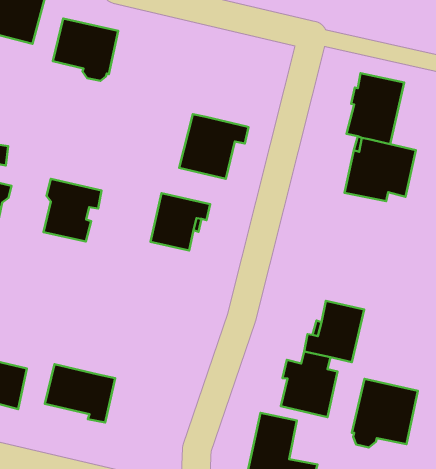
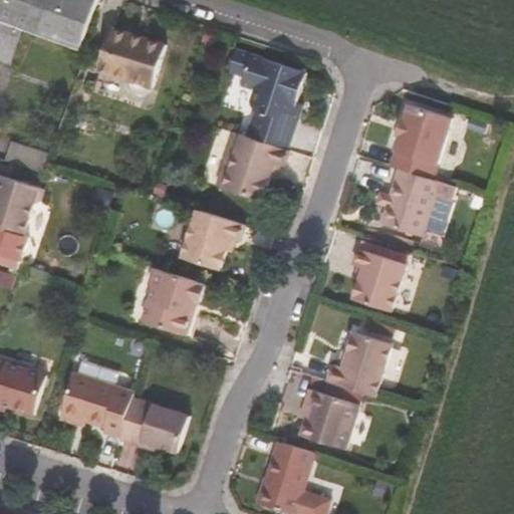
building: none -> [228,49,305,150]
building: [43,179,102,241] -> [141,268,203,334]
building: none -> [350,248,404,311]
building: [352,379,418,447] -> none
building: none -> [117,399,188,453]

